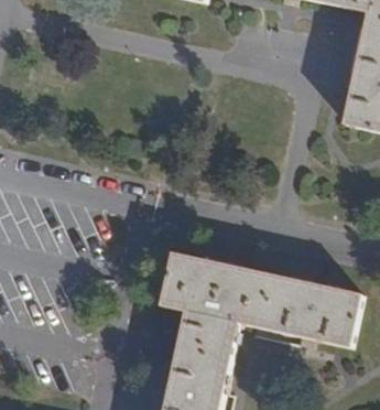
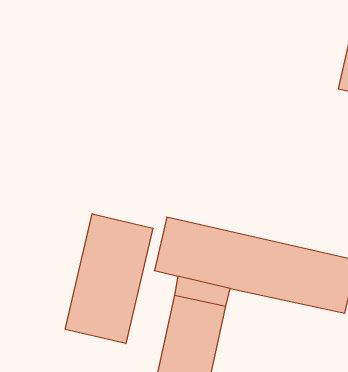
building: none -> [65,214,153,344]

